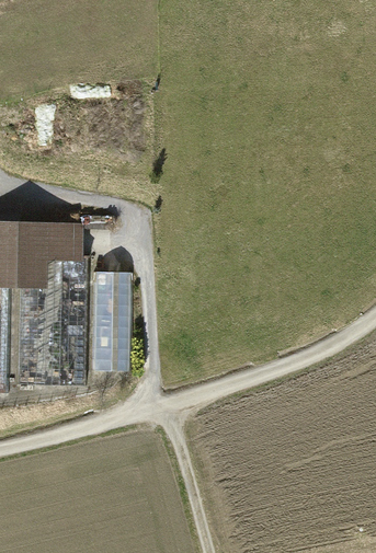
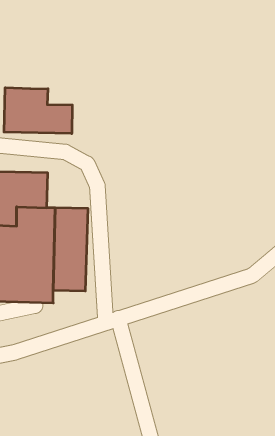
building: none -> [4,88,72,134]

